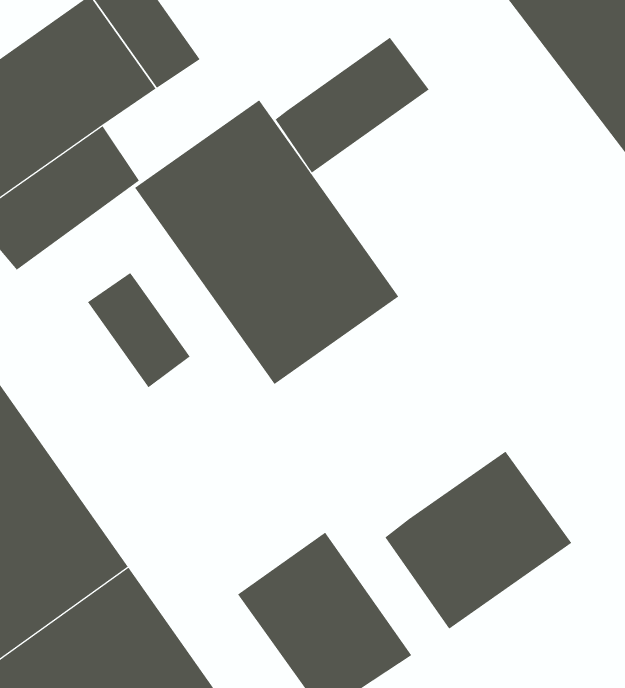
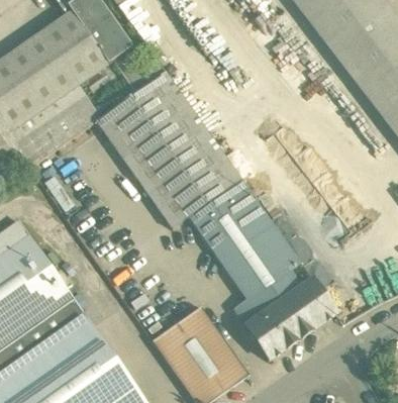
building: [275,37,430,173] -> none
building: [87,272,191,388] -> none
building: none -> [188,178,300,298]

